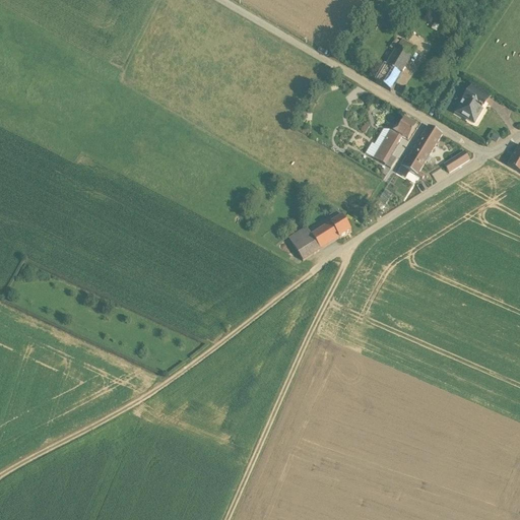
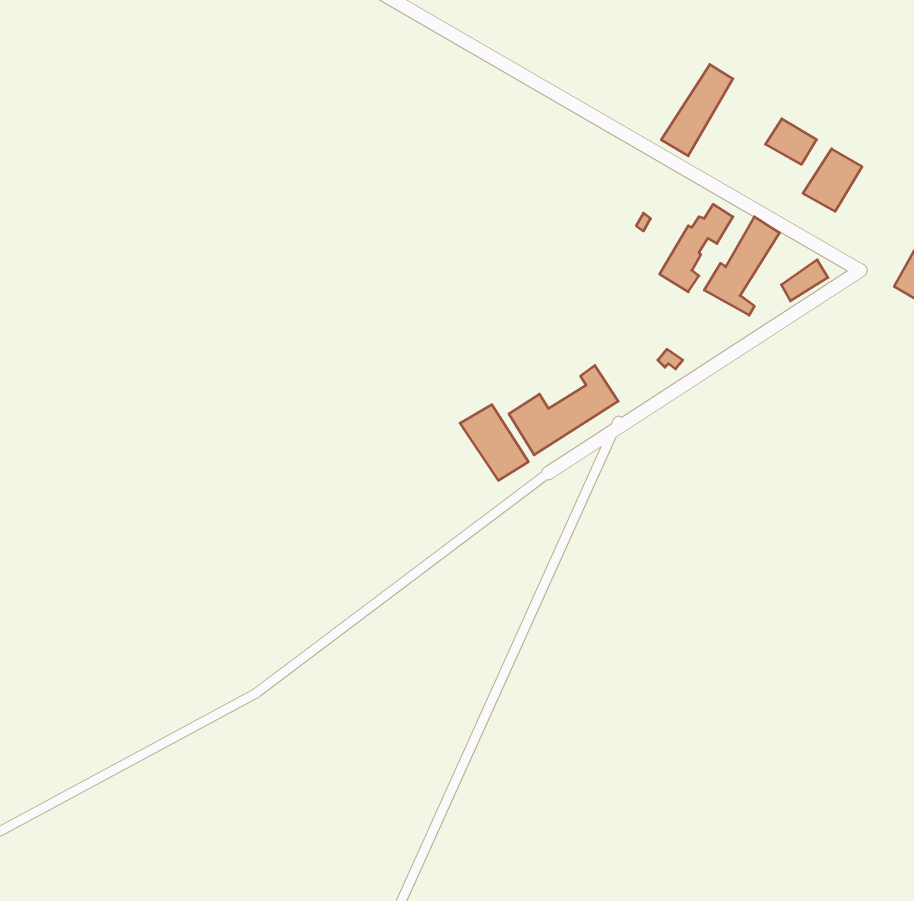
building: none -> [765,119,817,164]
building: none -> [460,405,528,480]

